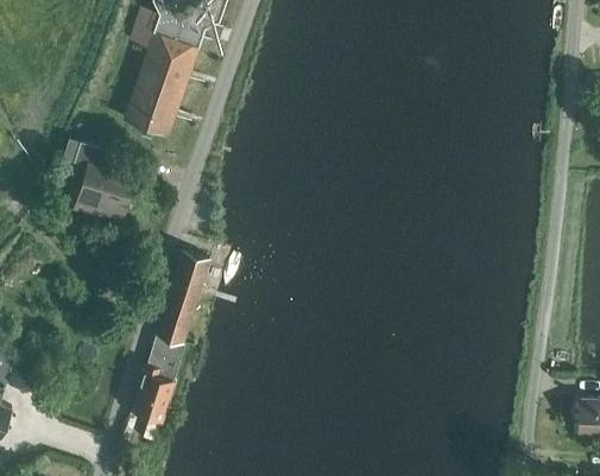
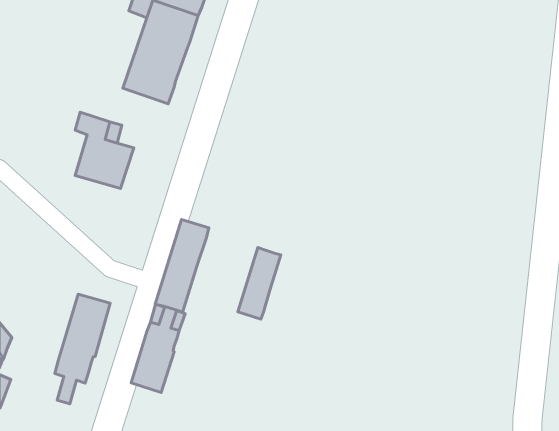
building: none -> [238,247,281,319]
building: none -> [55,294,110,404]

